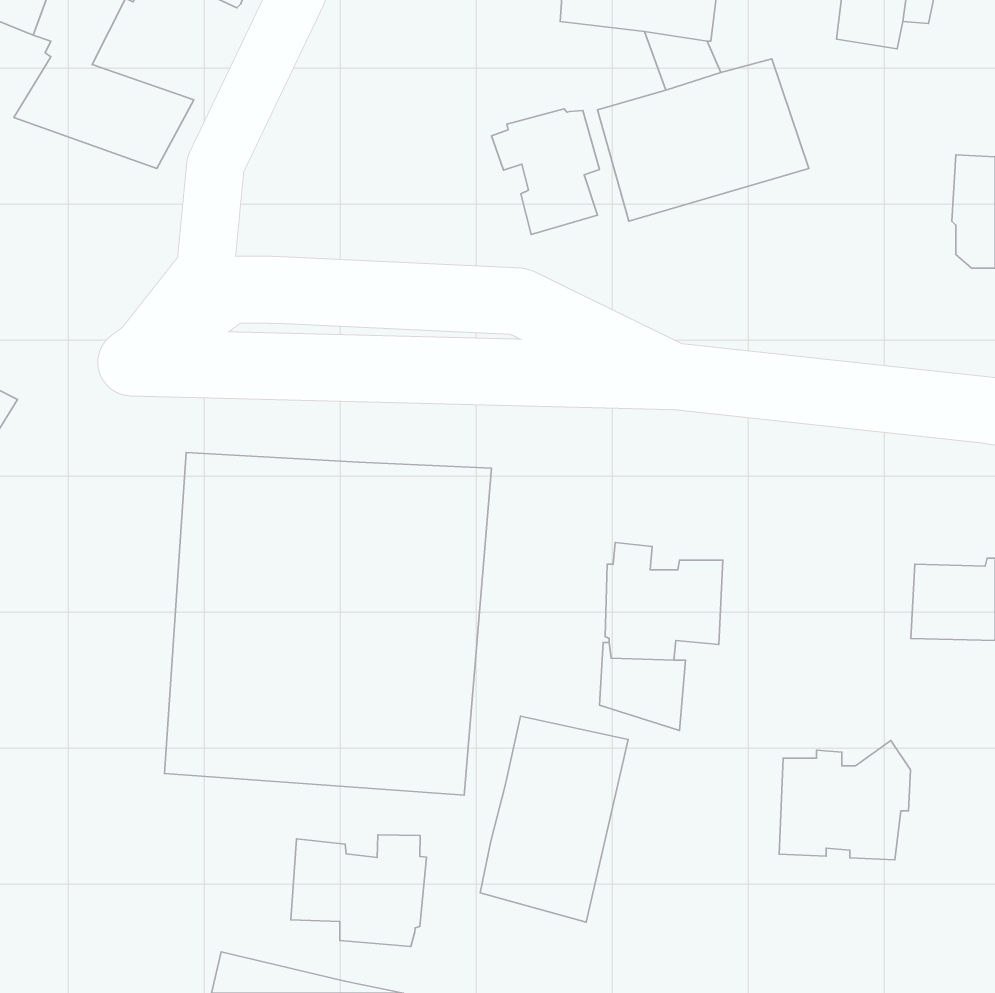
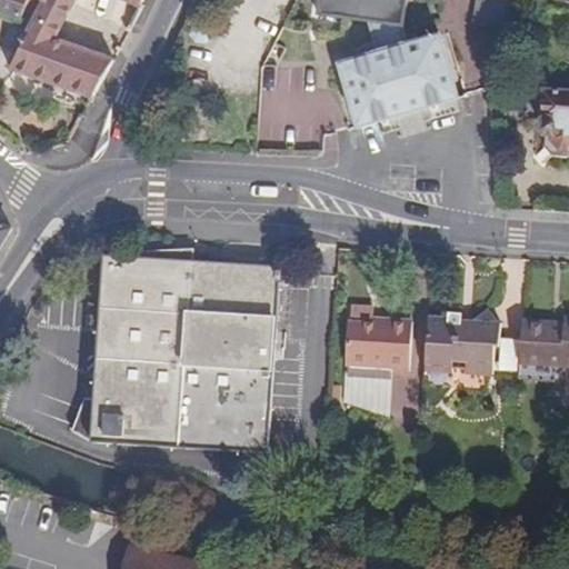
building: [491,109,599,235] -> none
building: [480,716,628,922] -> none
building: [779,740,911,860] -> [425,306,499,373]
building: [291,835,427,946] -> none

